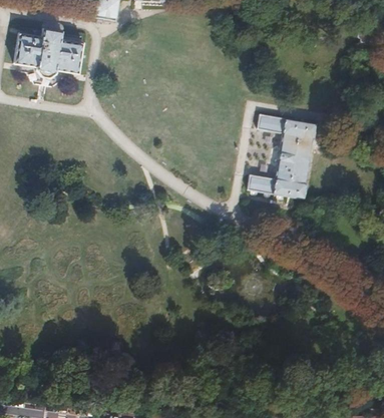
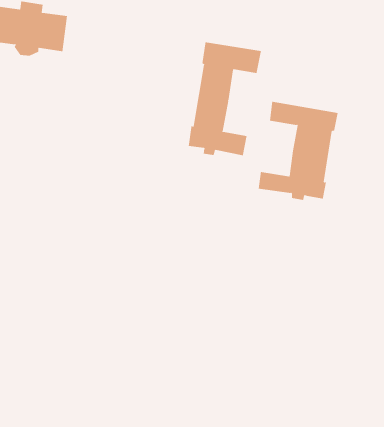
building: none -> [188,42,262,156]

